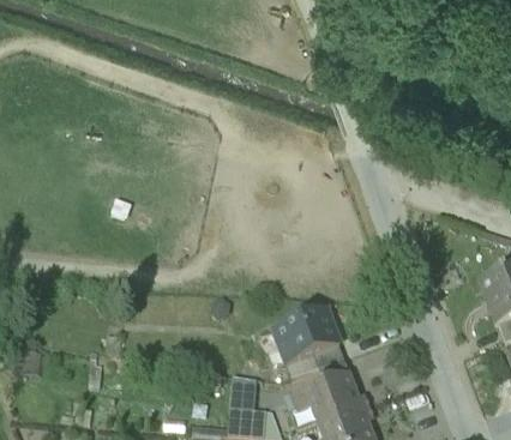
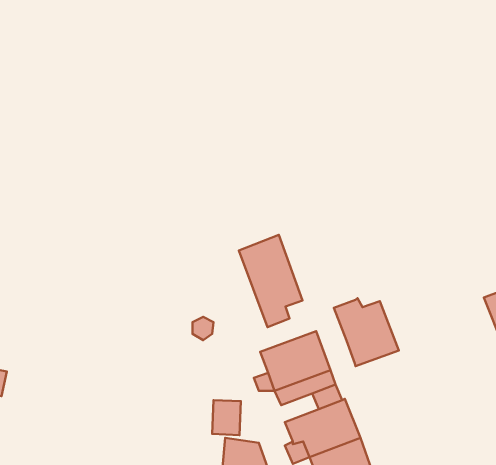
building: none -> [239,235,303,327]
building: none -> [334,298,399,366]

